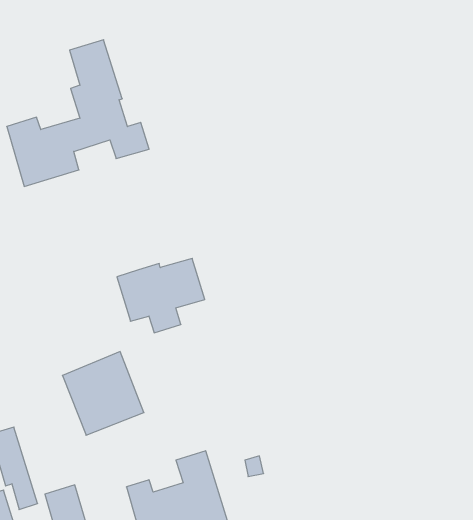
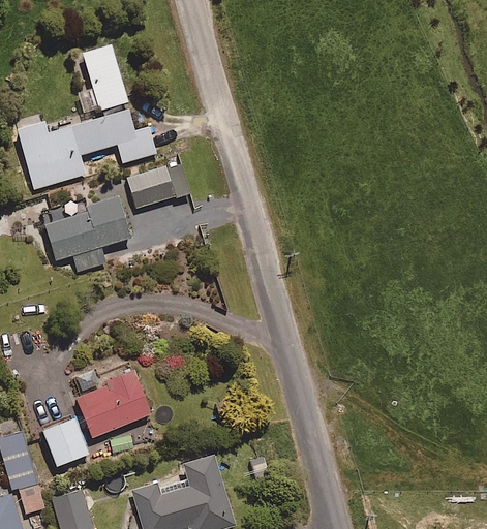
building: none -> [128,166,176,208]
building: [117,258,205,333] -> [42,196,130,271]
building: none -> [42,418,88,466]

